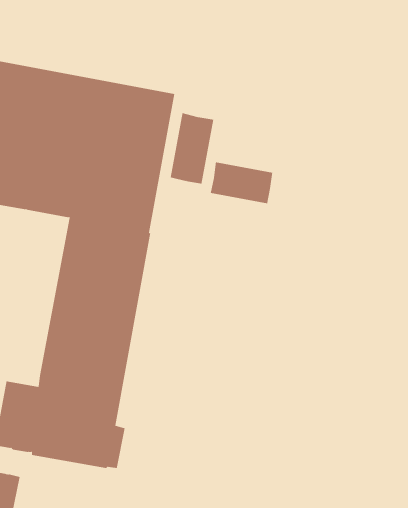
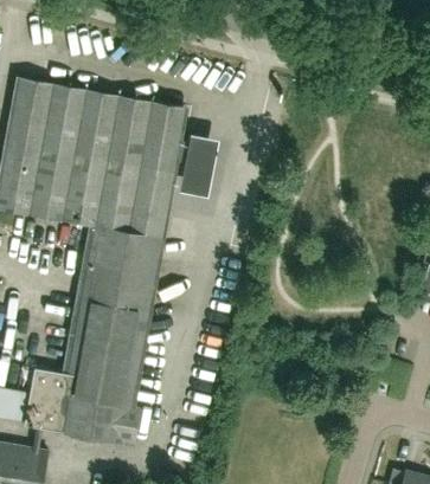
building: [210,161,273,204] -> none

